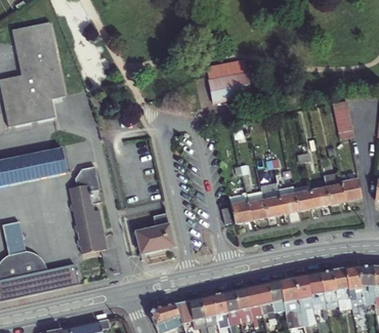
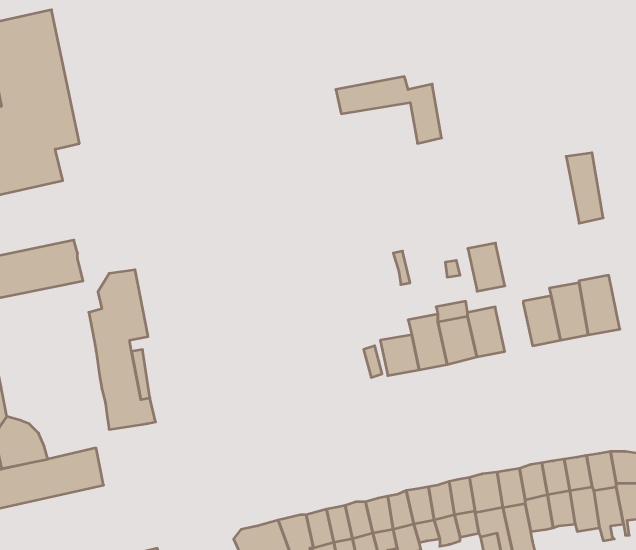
building: [209,73,251,102] -> none
building: [294,183,314,210] -> [468,243,505,291]
building: [135,213,175,254] -> none

